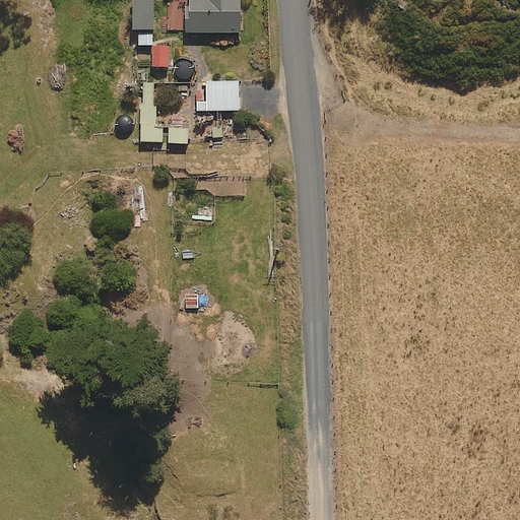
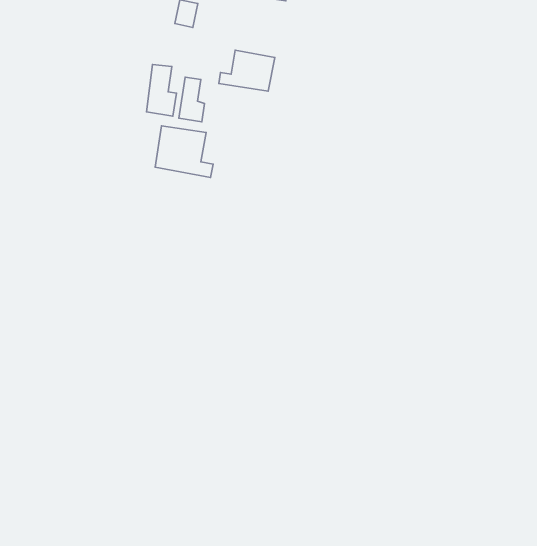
building: none -> [155,126,213,177]

